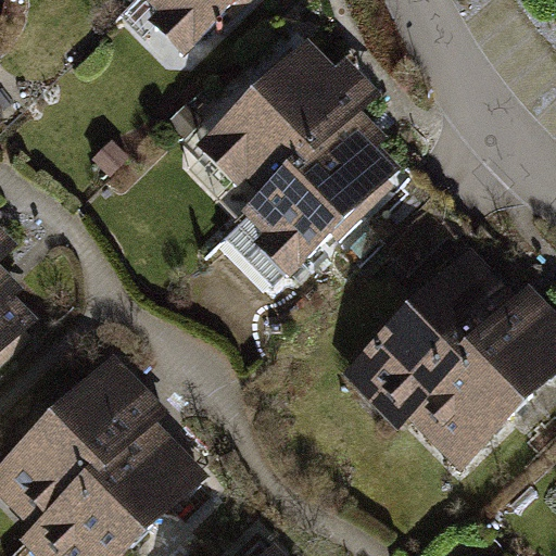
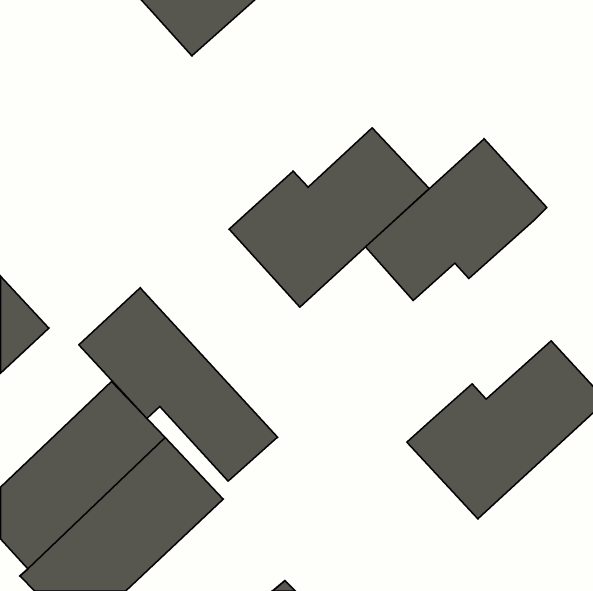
building: [191,43,362,194] -> none
building: [358,242,528,393] -> [365,139,547,300]
building: none -> [79,288,278,481]

